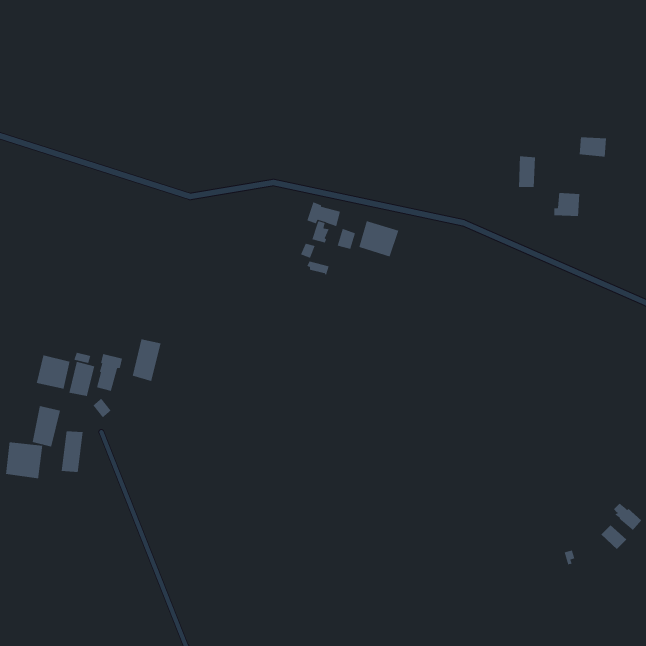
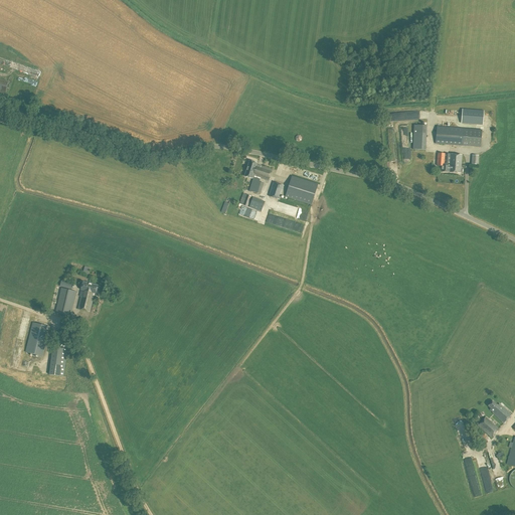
building: none -> [435,126,481,146]
building: [132,339,161,382] -> none
building: [36,354,70,389] -> none
building: [6,442,43,479] -> none

